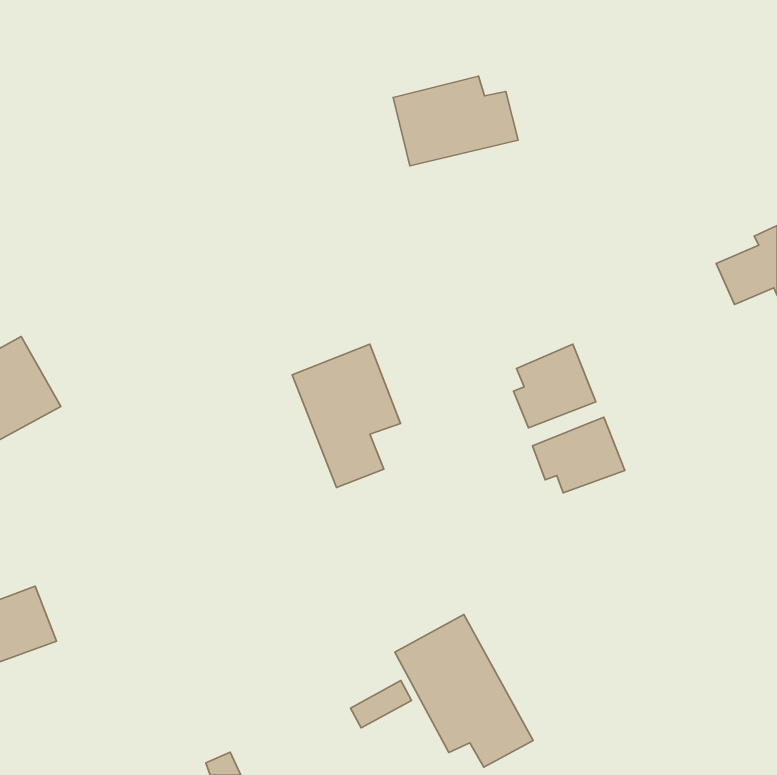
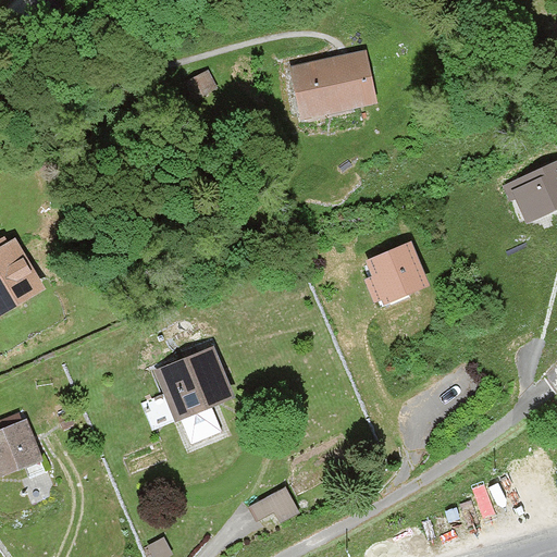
building: [292,344,400,487] -> [159,344,236,446]
building: [533,417,625,493] -> none
building: [395,615,533,767] -> none

